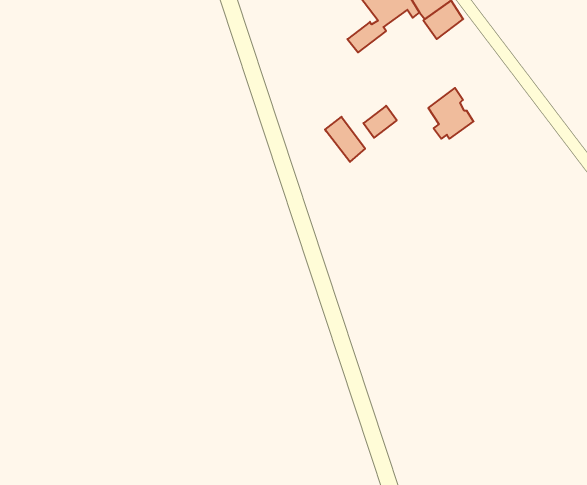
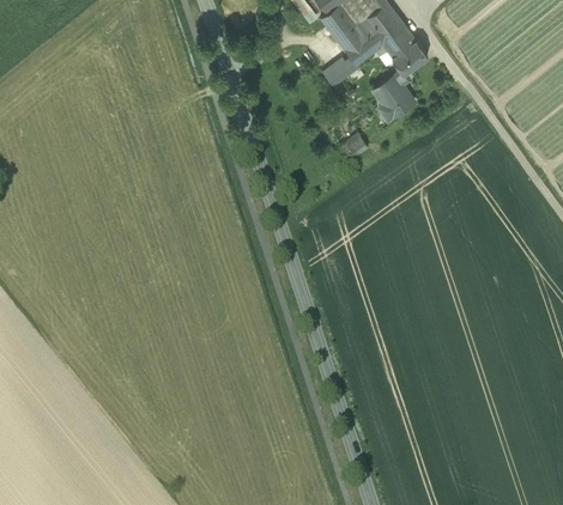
building: [428,88,474,139] -> [373,71,413,116]
building: [325,117,365,162] -> none

